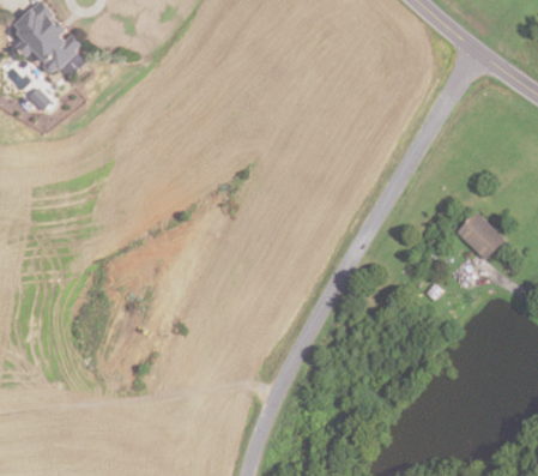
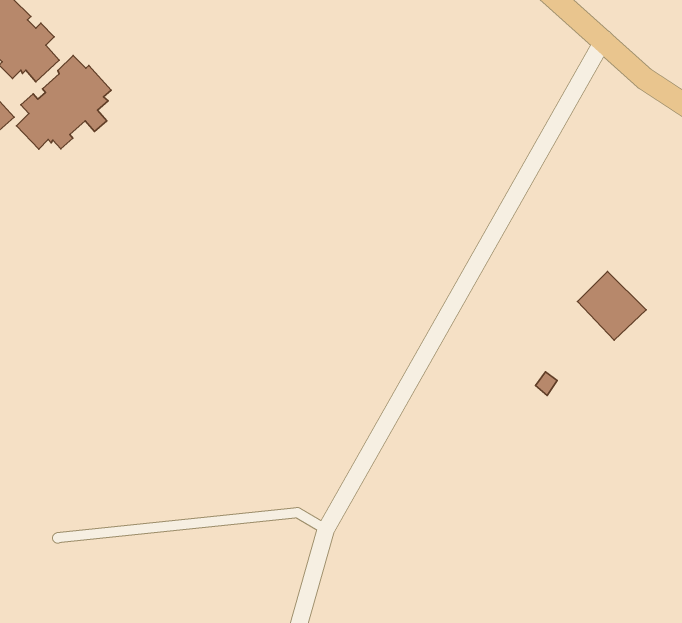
building: none -> [17,56,111,149]

